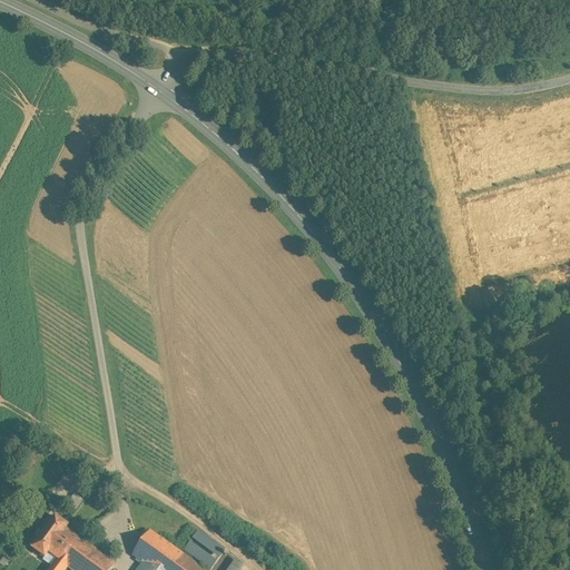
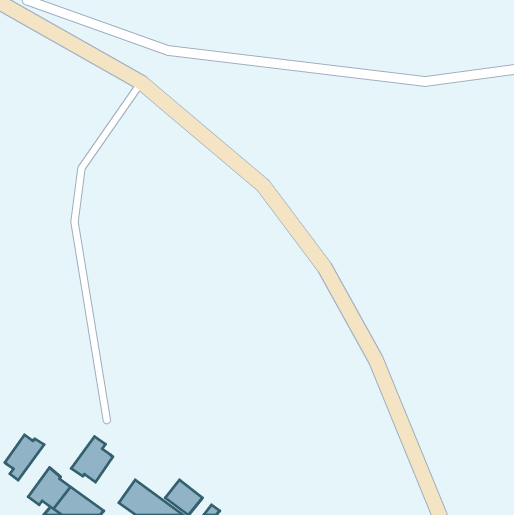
building: none -> [5,435,44,480]
building: none -> [71,436,113,482]

